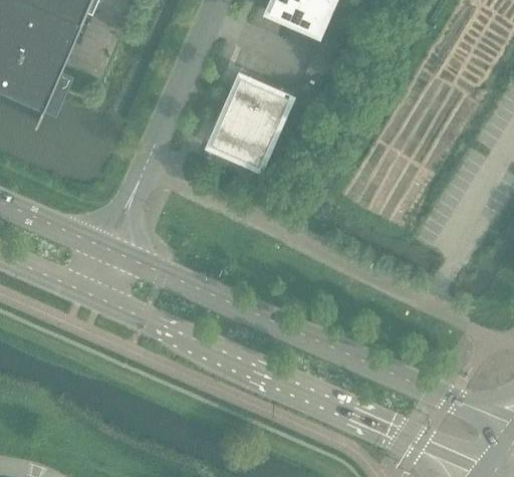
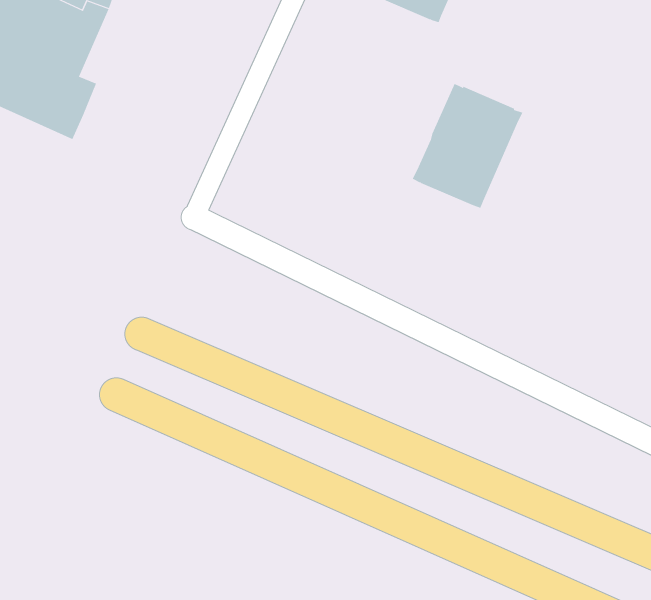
building: [209,74,288,164] -> [412,83,523,208]

